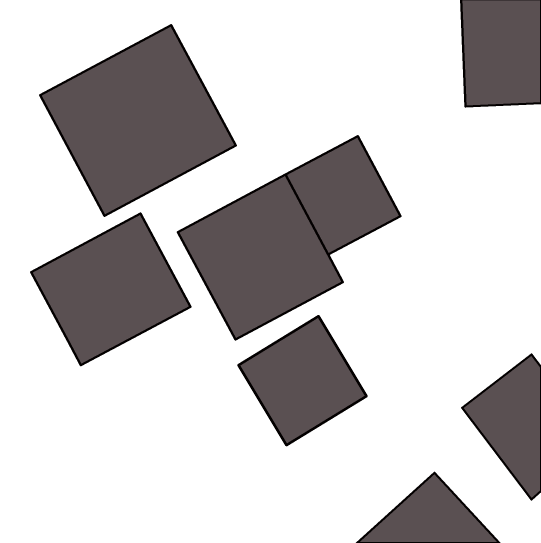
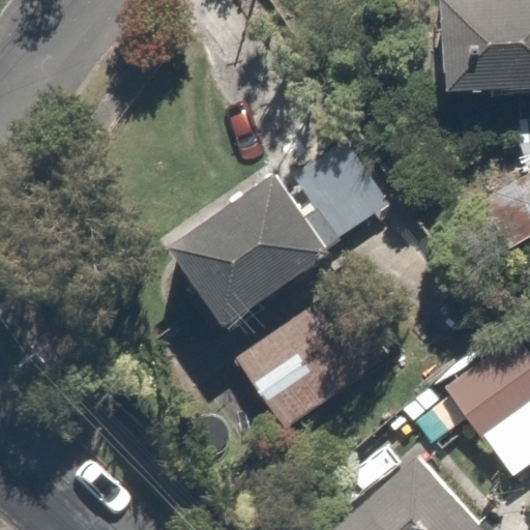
building: [40,25,236,216] -> none
building: [31,214,190,365] -> none

